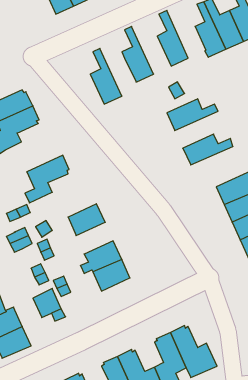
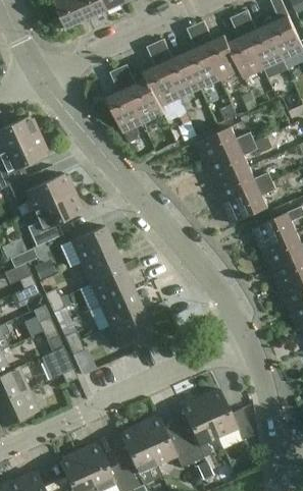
building: none -> [196,20,241,79]
building: none -> [155,39,204,106]
building: none -> [118,64,164,123]
building: none -> [205,141,258,183]
building: none -> [9,173,75,211]
building: none -> [223,181,276,224]
building: none -> [71,225,114,263]
building: none -> [91,269,134,306]

